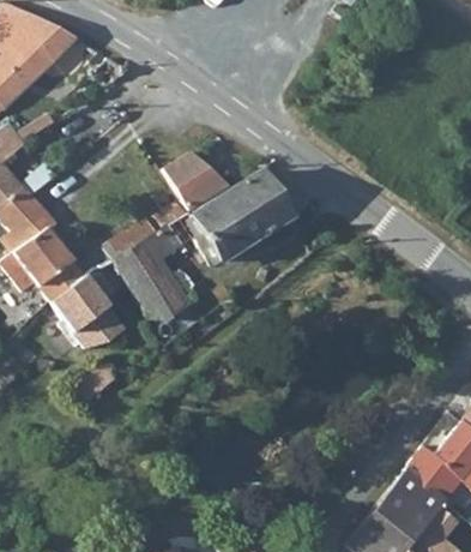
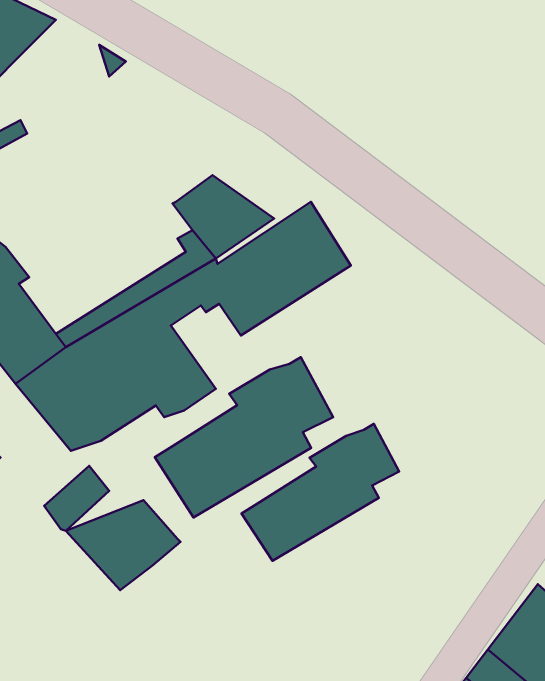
building: none -> [155,357,333,517]
building: none -> [242,424,399,561]
building: none -> [66,500,181,590]

